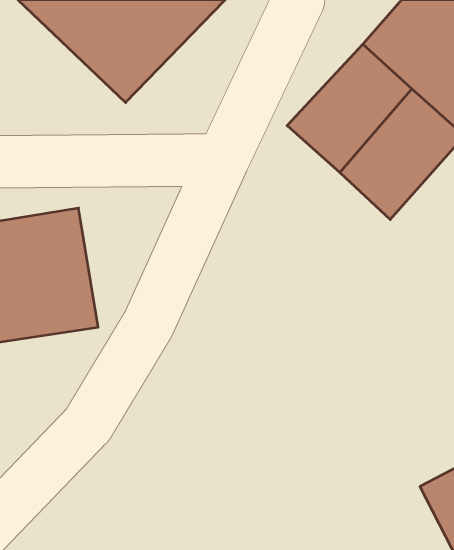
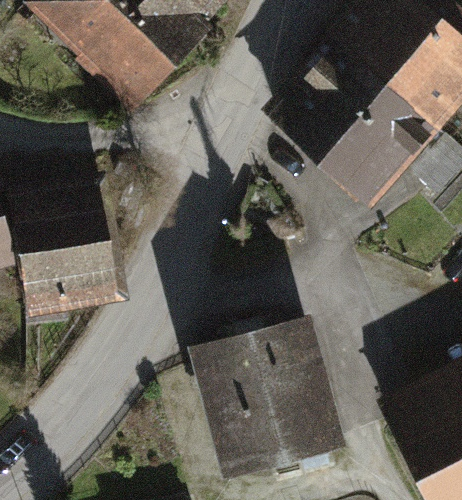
building: none -> [201,333,339,478]

